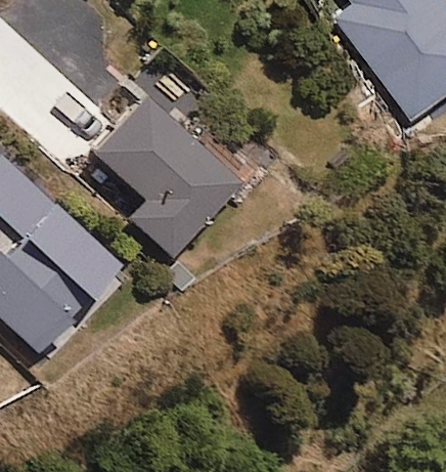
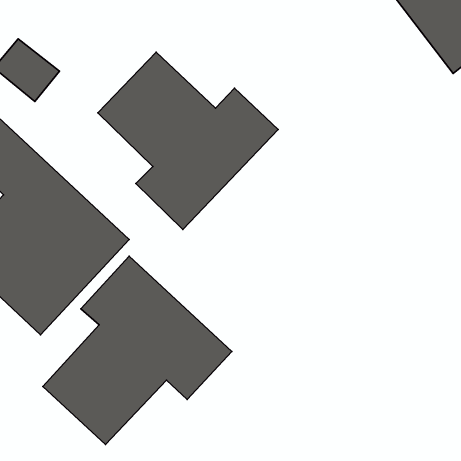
building: none -> [43,256,232,445]

